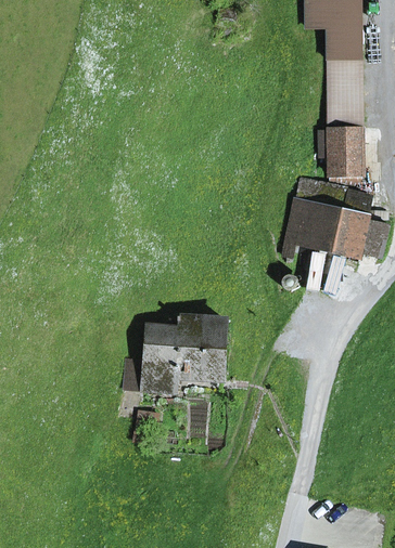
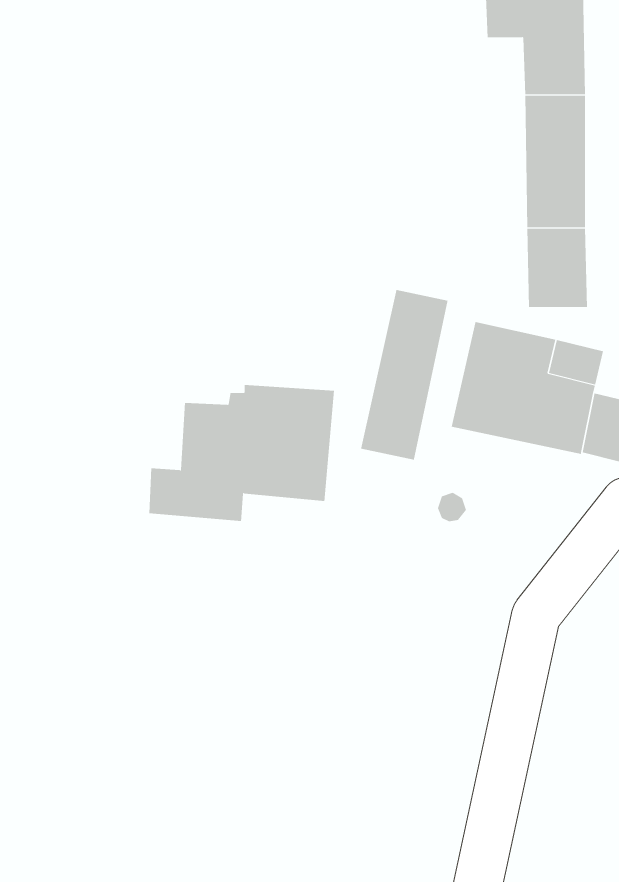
building: none -> [360,289,448,461]
building: [125,319,227,394] -> [148,385,335,521]

